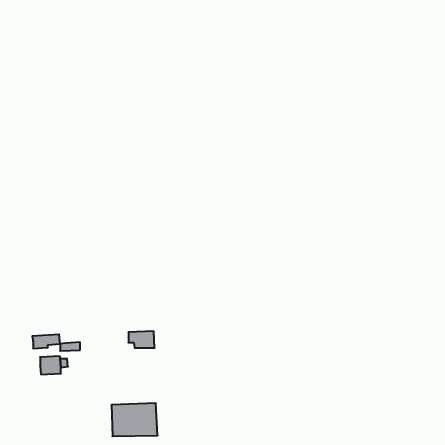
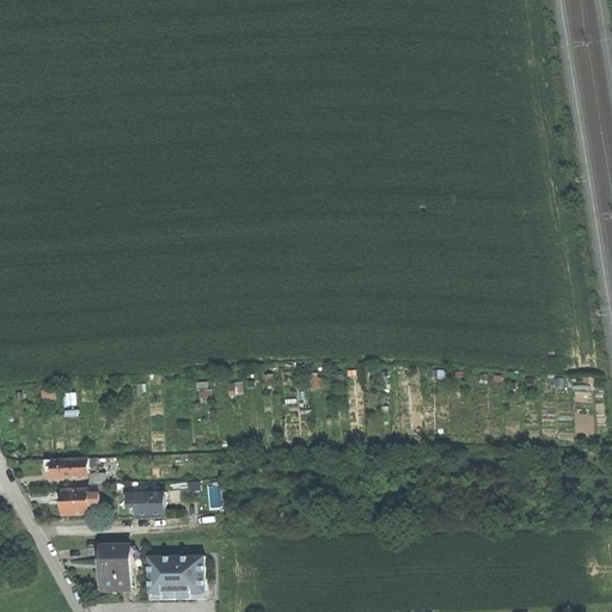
building: [128,331,155,348] -> [123,490,159,513]
building: none -> [96,545,128,589]

